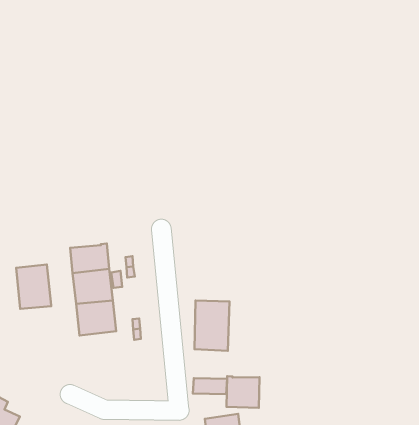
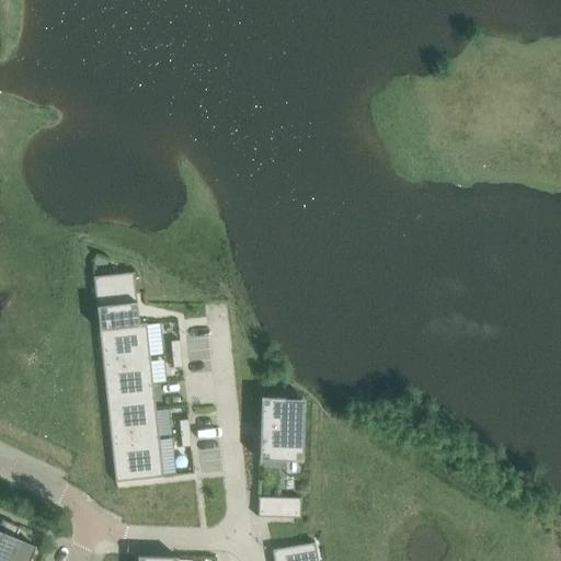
building: [16,264,51,309] -> [94,273,139,330]
building: none -> [112,437,163,483]
building: [227,376,259,408] -> none

